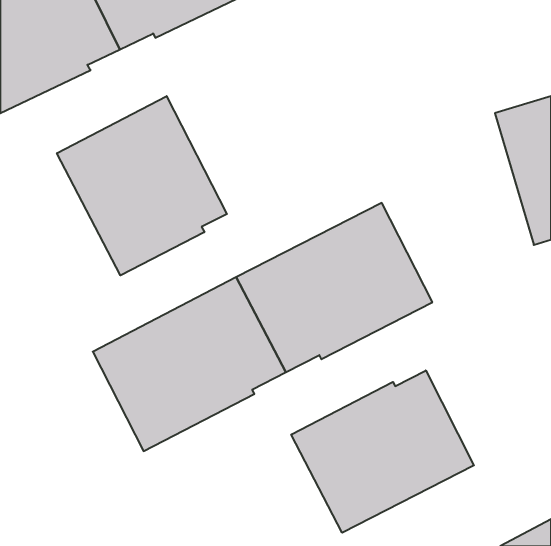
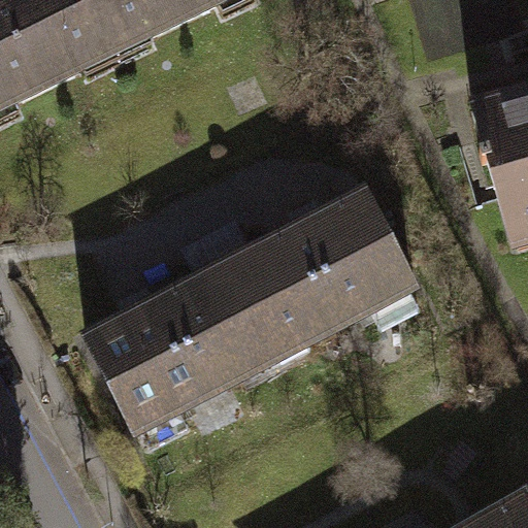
building: [57,96,227,275] -> none
building: [291,370,474,533] -> none

